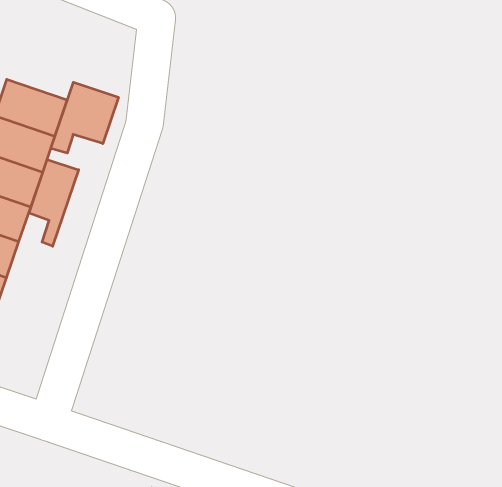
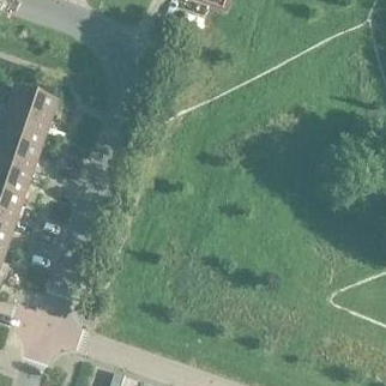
building: [51,82,118,153] -> none
building: [29,159,79,246] -> none

